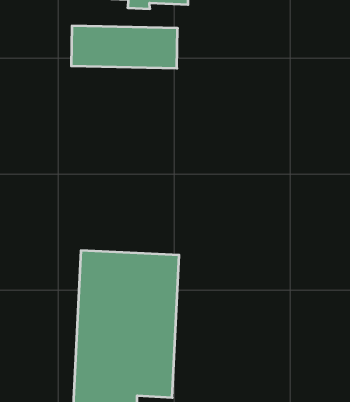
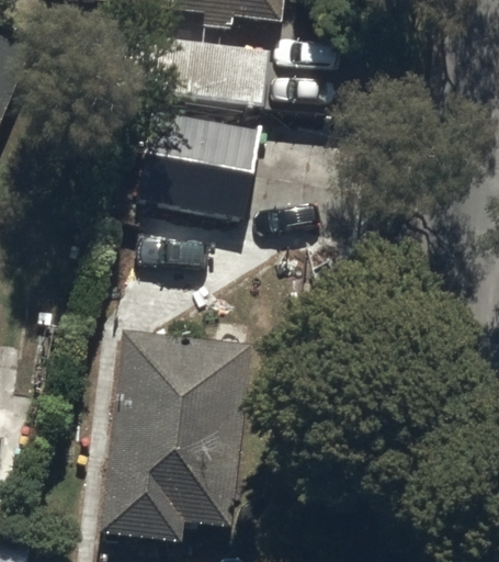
building: none -> [161,117,253,211]

